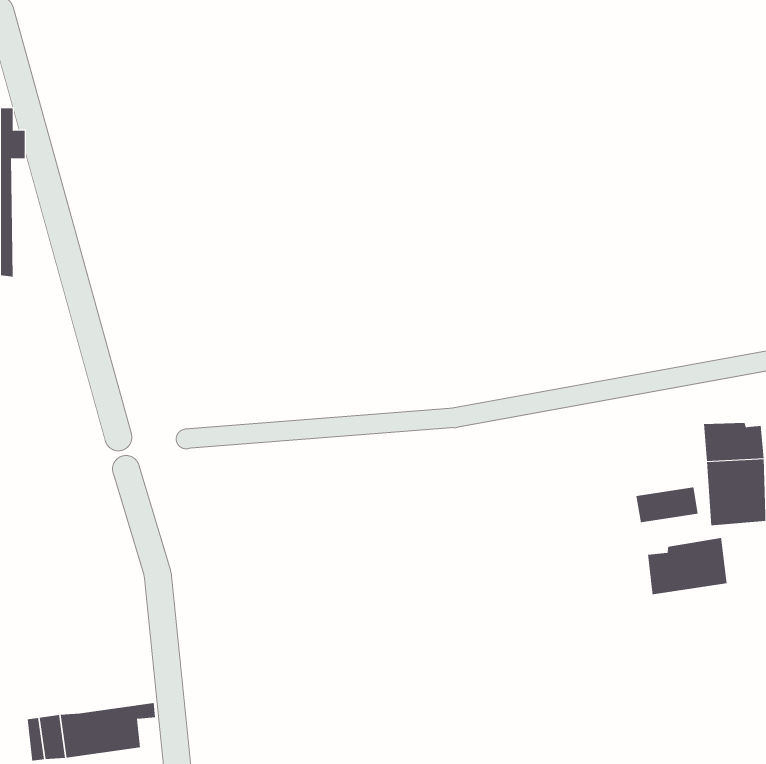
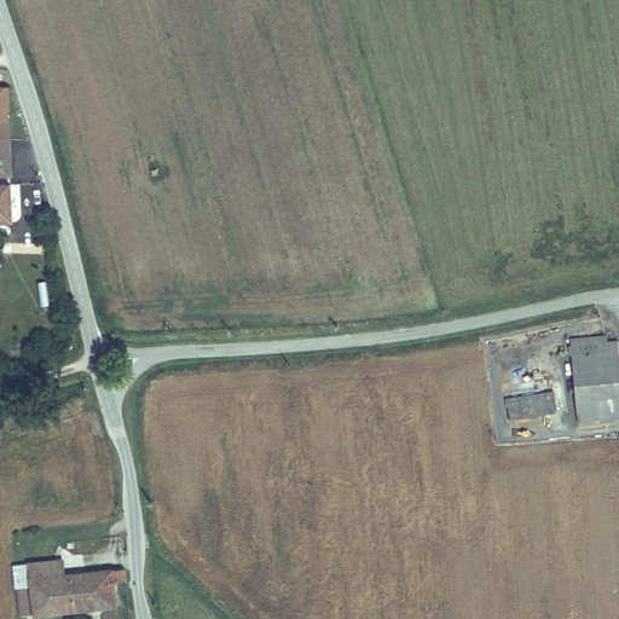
building: [648,537,727,595] -> none
building: none -> [30,559,64,579]

